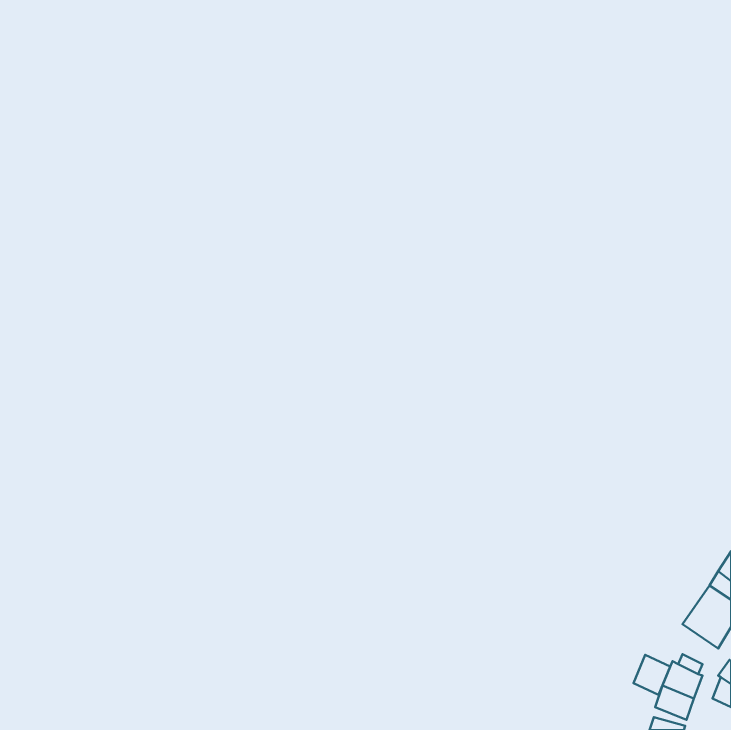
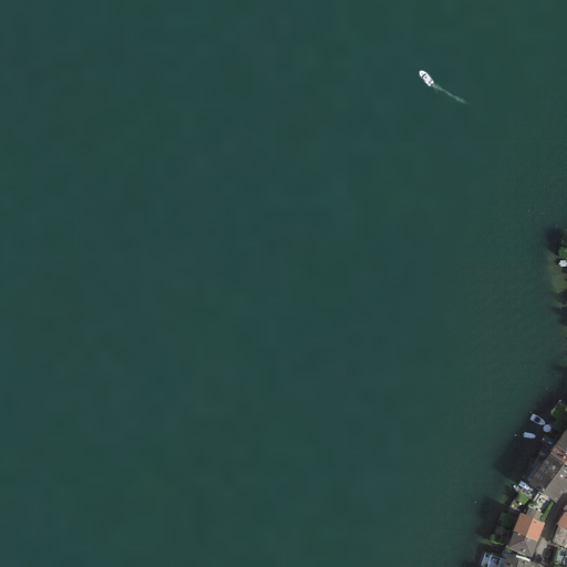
building: [634,655,670,695] -> none

